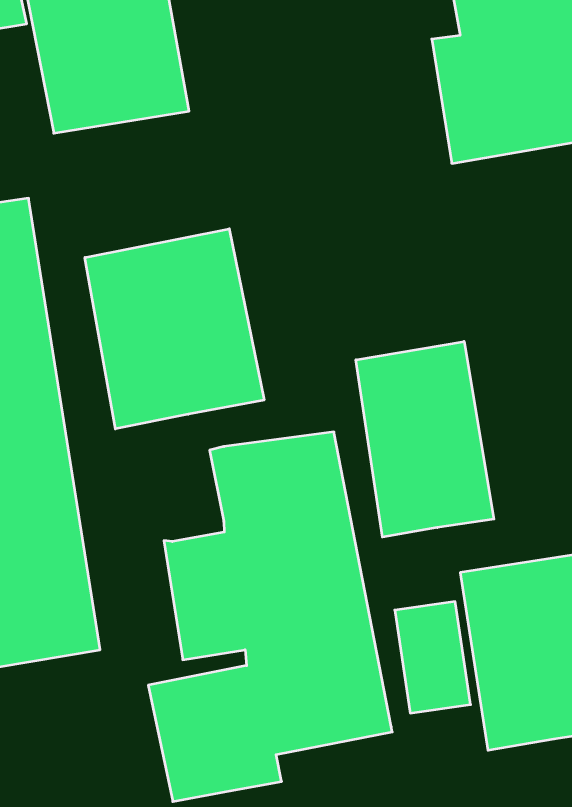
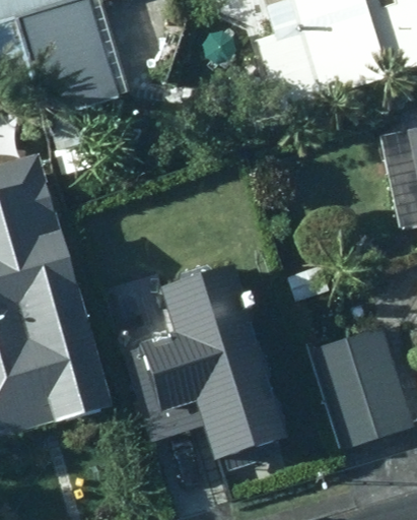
building: [85,229,264,429] -> none
building: [356,341,494,537] -> none

